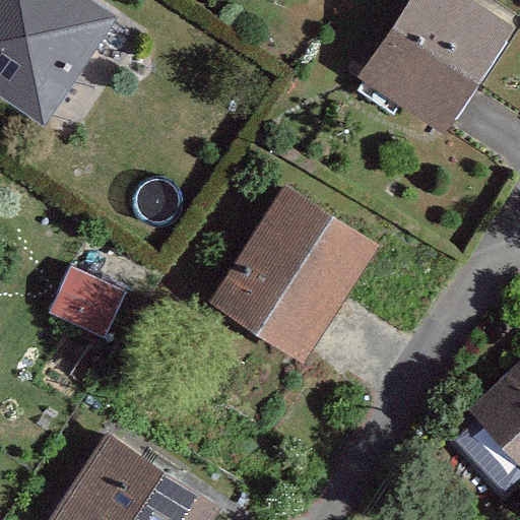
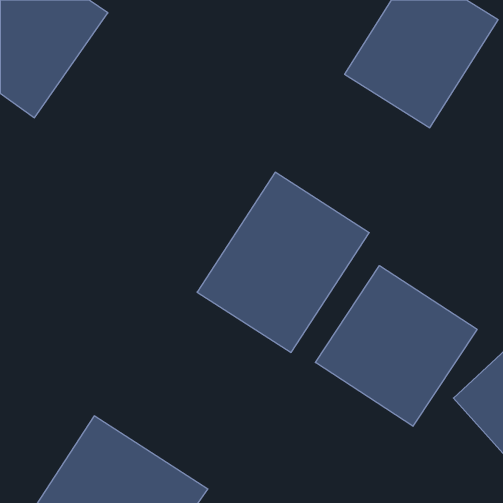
building: [51,264,128,338] -> none
building: none -> [315,266,477,426]

